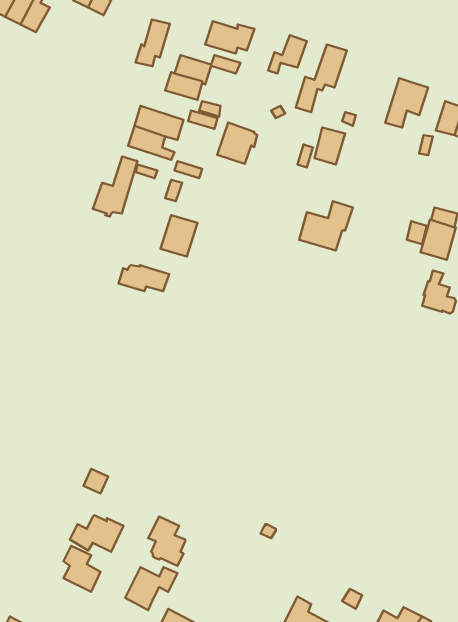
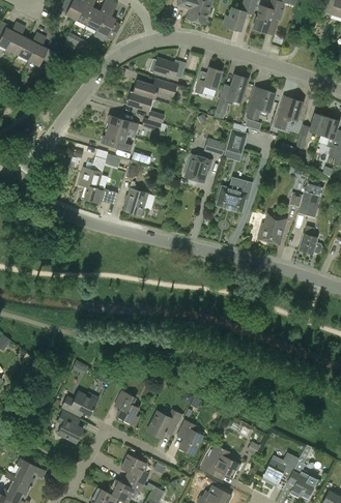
building: [136,20,170,66] -> none
building: none -> [246,87,275,119]
building: [217,122,257,164] -> [184,154,211,182]
building: none -> [257,212,286,244]
building: [118,265,169,291] -> [82,186,116,204]
building: none -> [178,420,202,454]
building: [125,567,177,610] -> [146,410,181,439]

